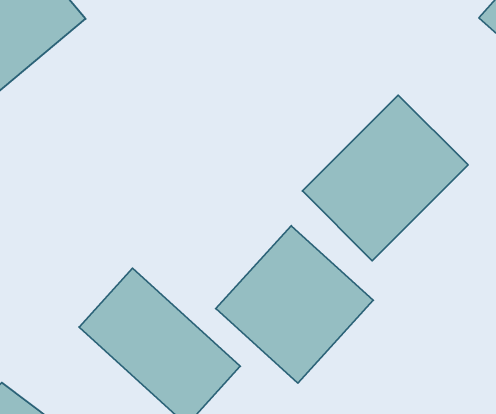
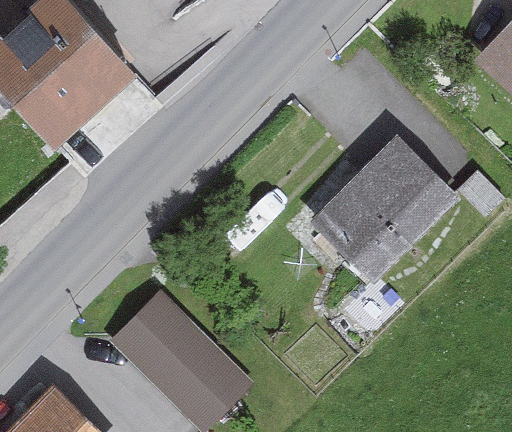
building: [216,226,373,383] -> none

